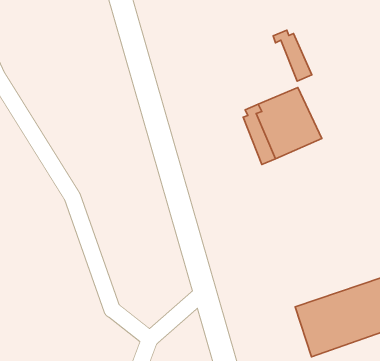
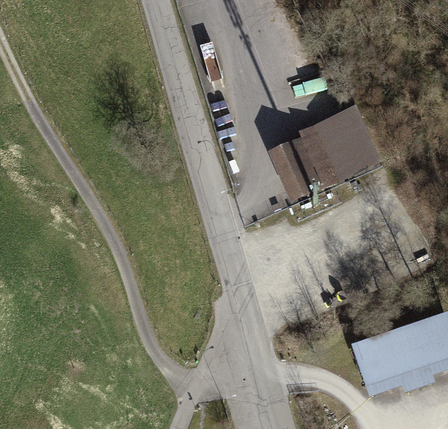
building: [273,30,312,81] -> none
building: none -> [271,139,316,200]

